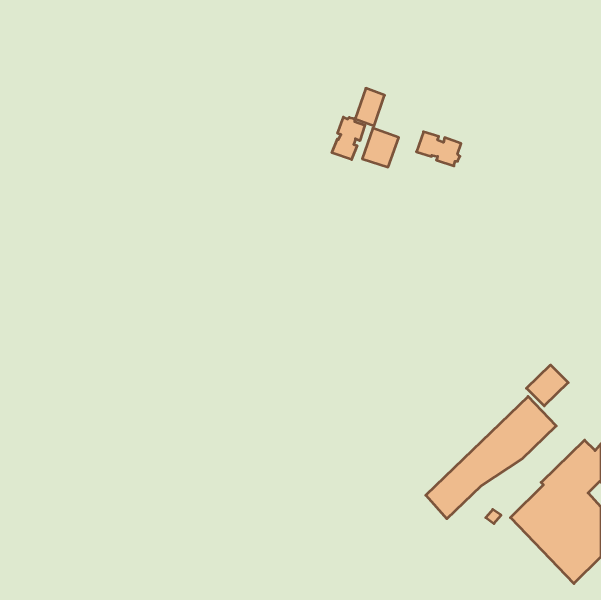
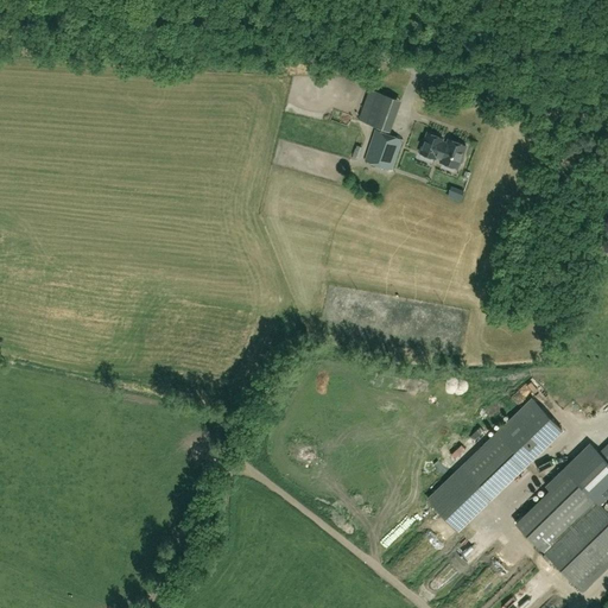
building: [332,117,365,160] -> none
building: [526,365,568,406] -> none

